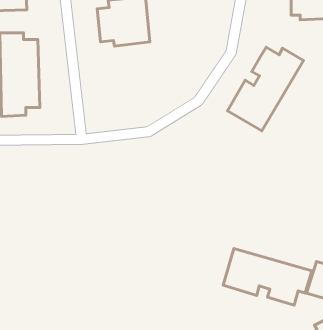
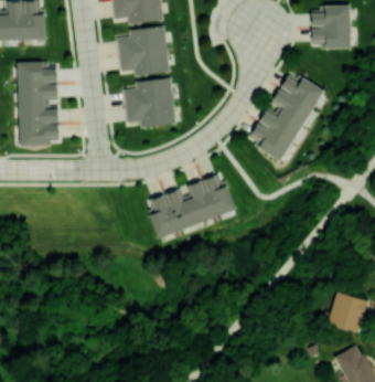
building: none -> [122,77,175,127]
building: none -> [144,176,235,236]
building: [223,249,312,305] -> none

